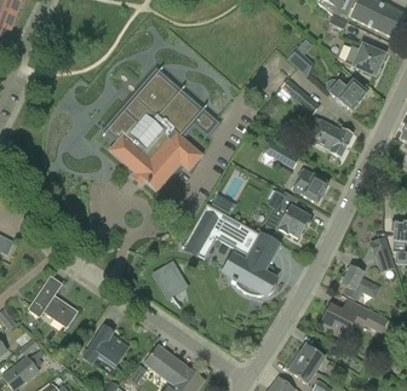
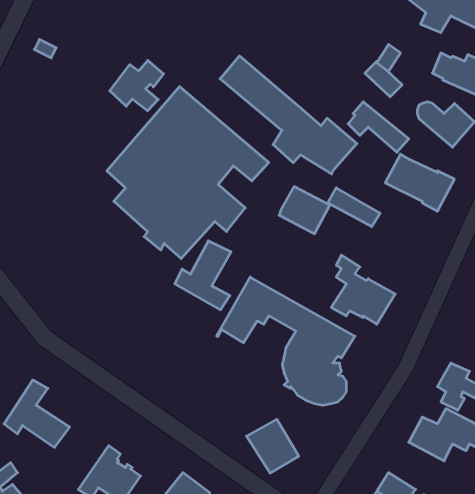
building: none -> [220,56,357,174]
building: none -> [110,60,164,111]
building: [292,168,328,202] -> [279,187,330,234]
building: none -> [175,241,231,310]
building: [150,260,188,299] -> [246,419,299,473]

